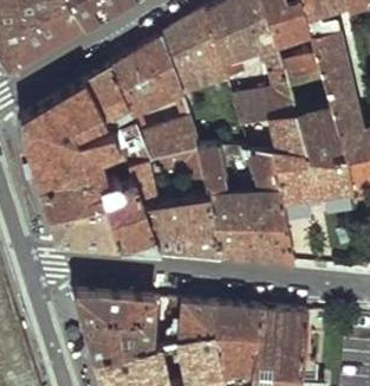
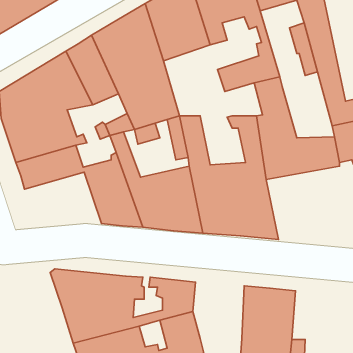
building: [298,110,349,166] -> none
building: [48,199,123,249] -> none
building: [212,305,261,360] -> none

